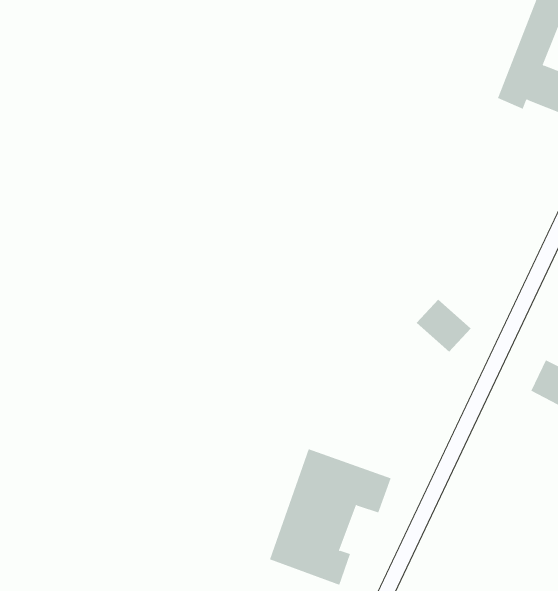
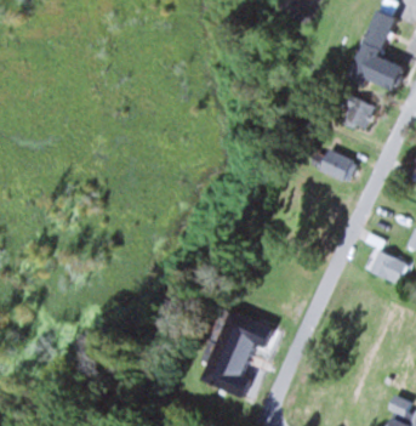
building: none -> [338,95,375,129]
building: [416,299,472,352] -> [317,148,353,183]

